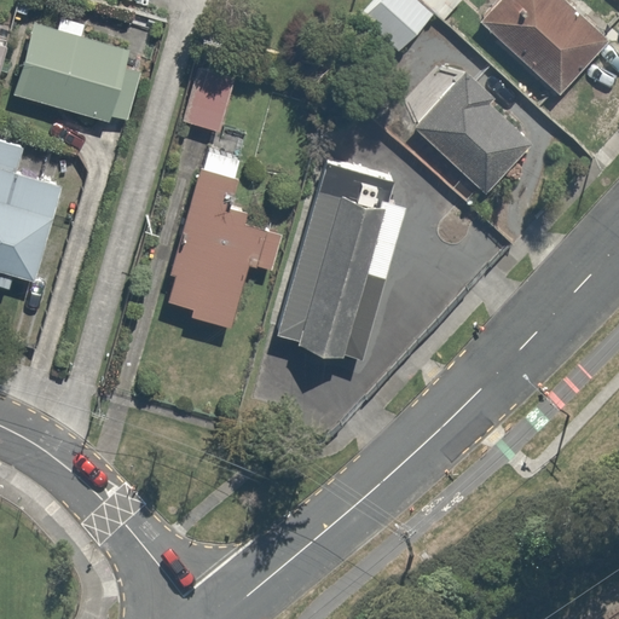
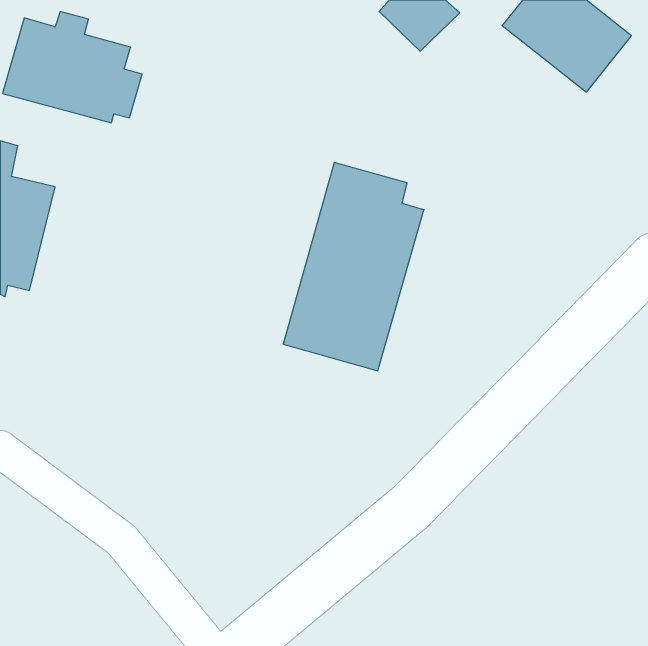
building: [184,64,236,133] -> none
building: [410,66,531,190] -> none
building: [160,150,282,326] -> none

